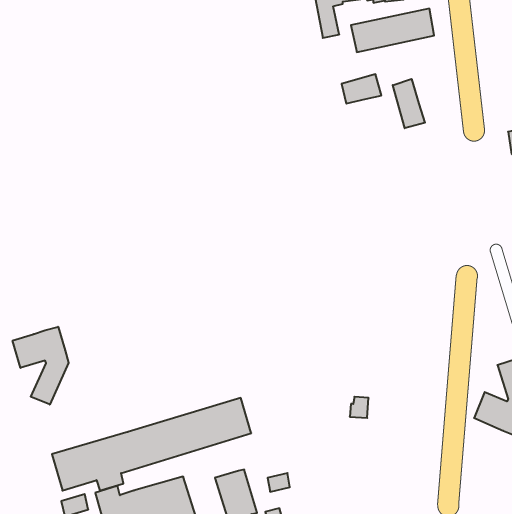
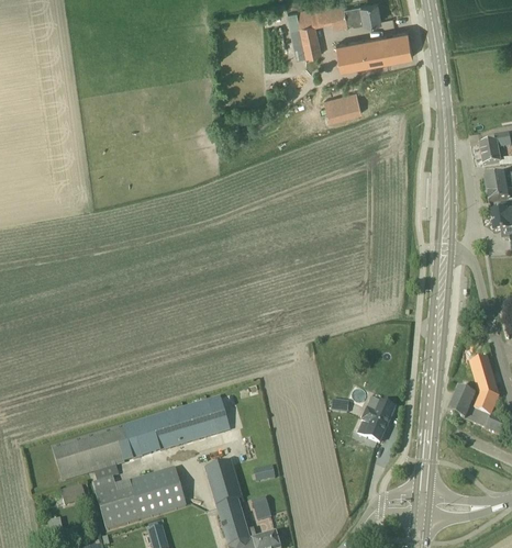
building: [393,79,425,128] -> none
building: [13,327,69,405] -> none
building: none -> [357,401,396,443]

